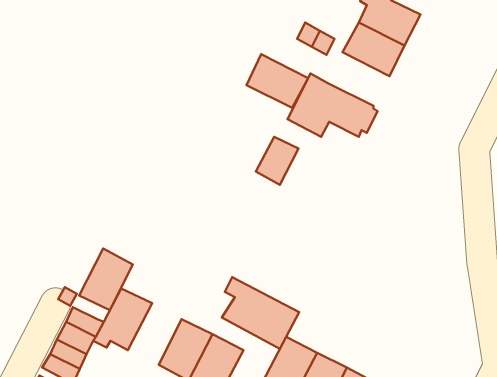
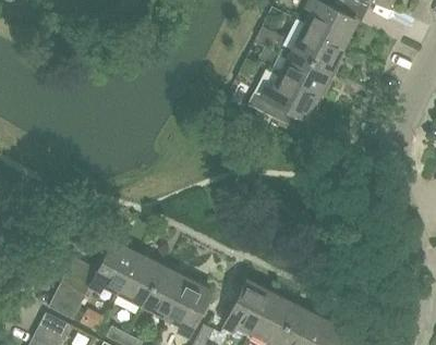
building: [246,54,308,108] -> [280,50,330,94]
building: [256,137,298,185] -> none
building: [79,248,133,310] -> [118,254,161,304]
building: [222,277,299,349] -> none

